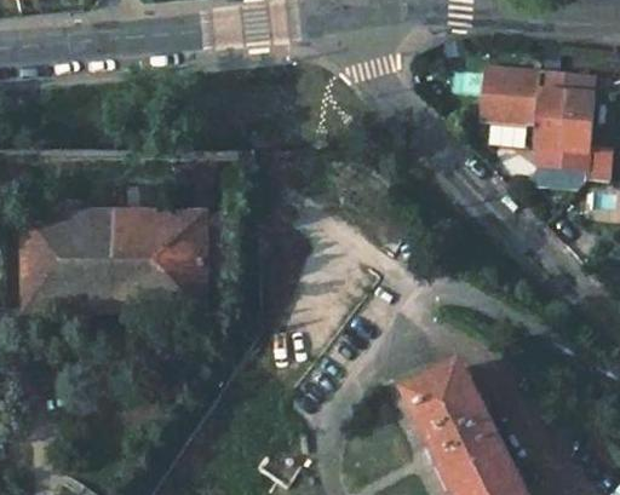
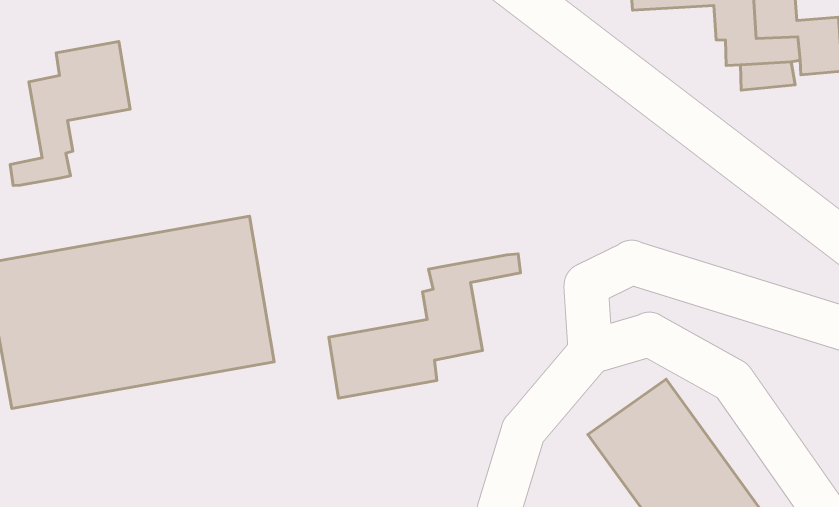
building: none -> [10,41,130,185]
building: none -> [329,254,521,398]

